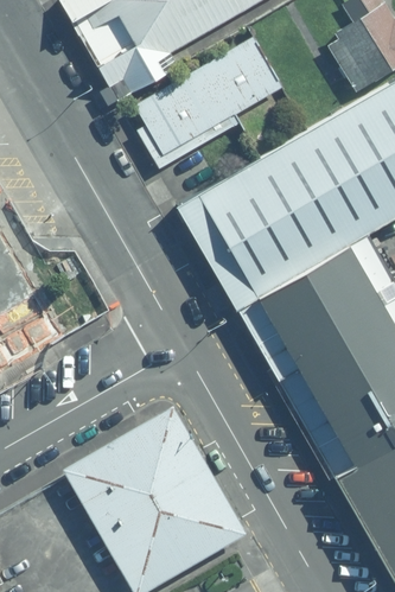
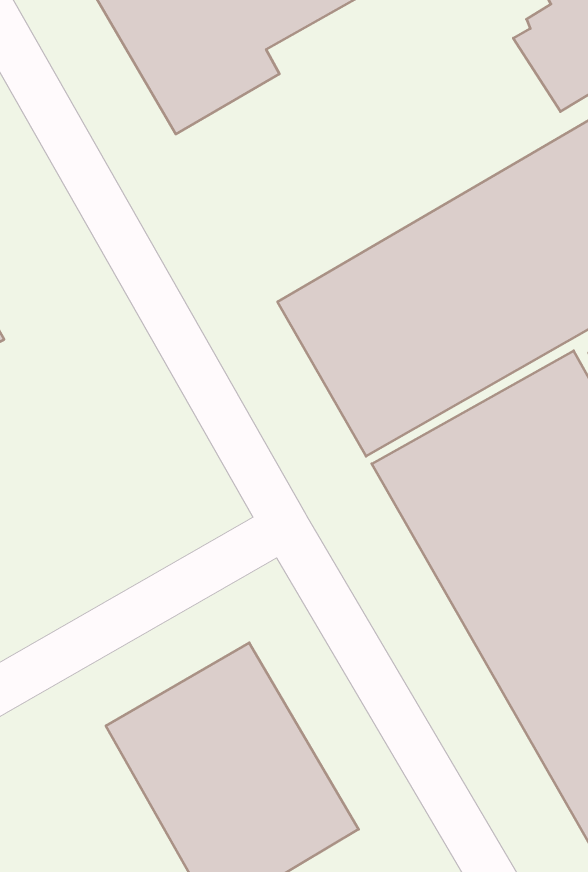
building: [136,37,280,165] -> none

